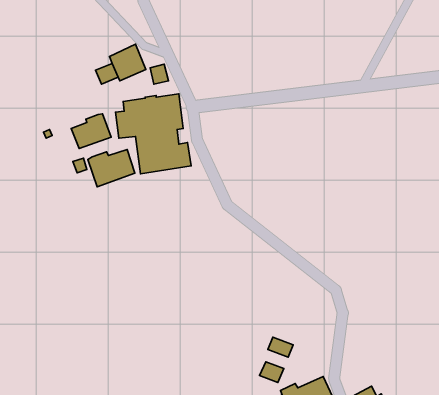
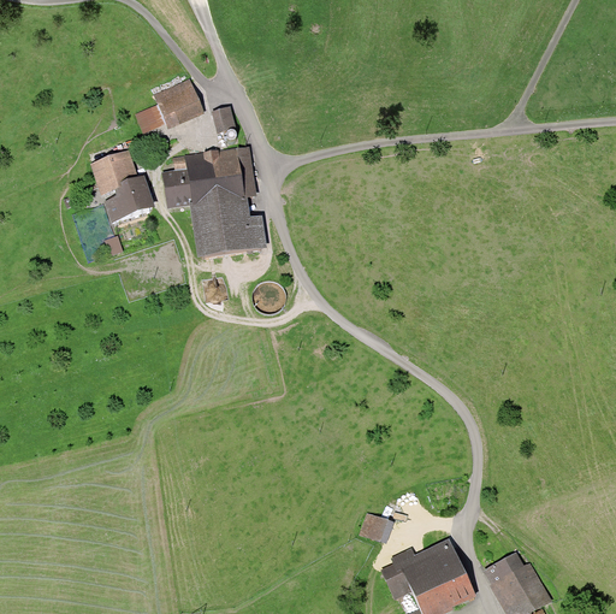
building: none -> [89,149,137,195]
building: [88,149,135,187] -> none
building: [268,337,293,357] -> none

